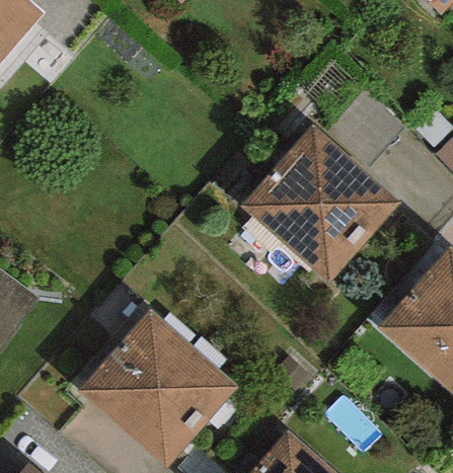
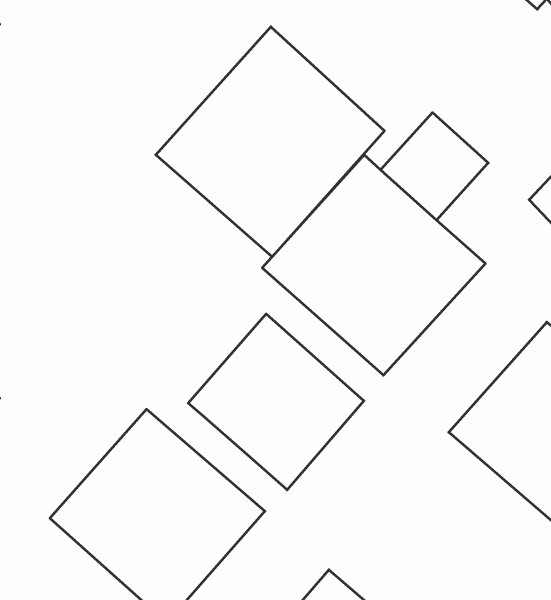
building: none -> [156,27,384,257]
building: none -> [188,314,364,490]

